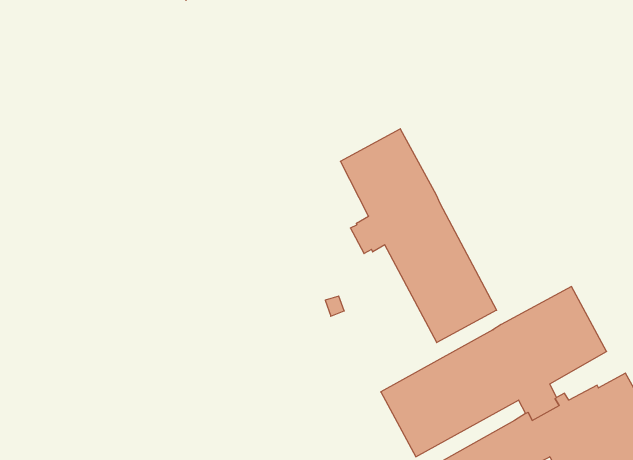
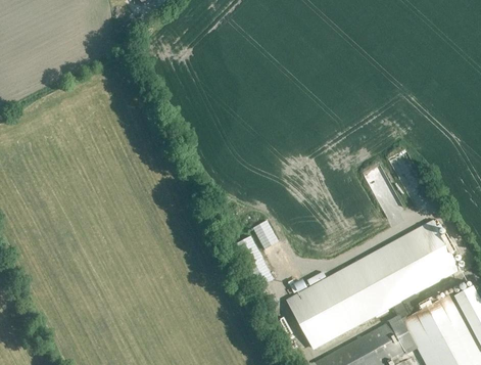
building: [340,129,497,343] -> none

